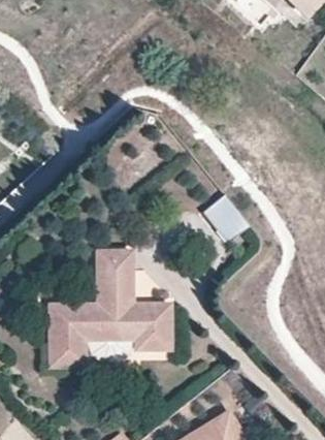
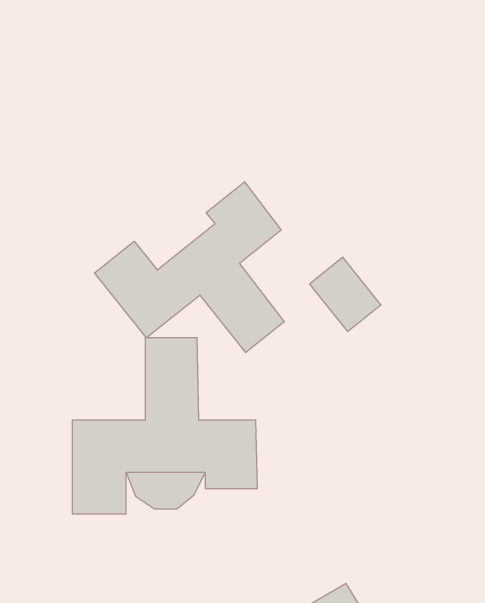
building: none -> [95,182,284,353]

